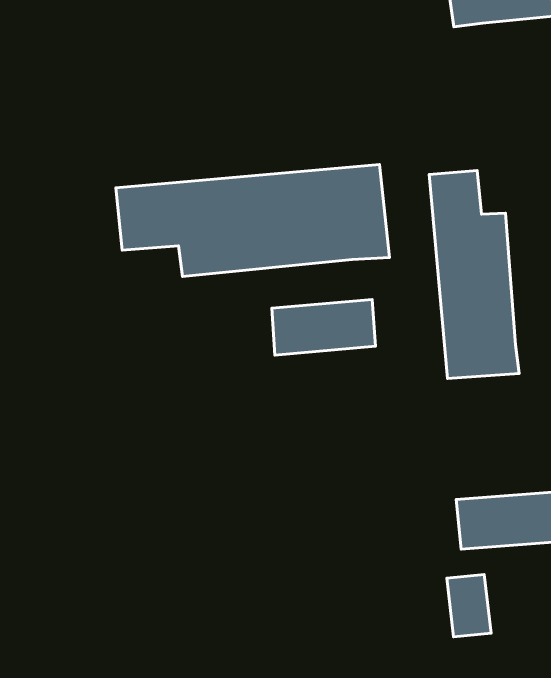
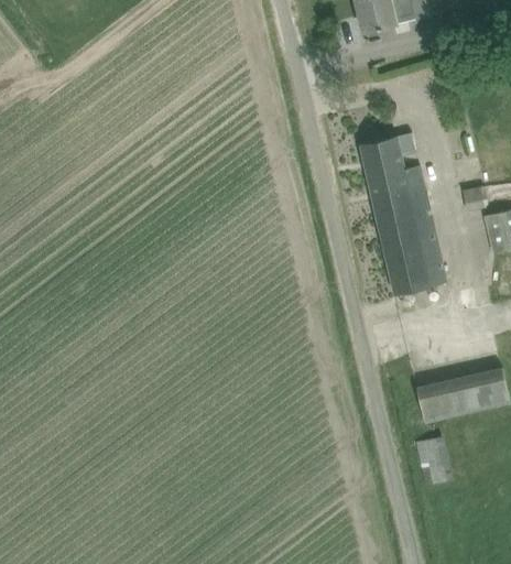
building: [116,164,390,277] -> none
building: [272,299,375,355] -> none

